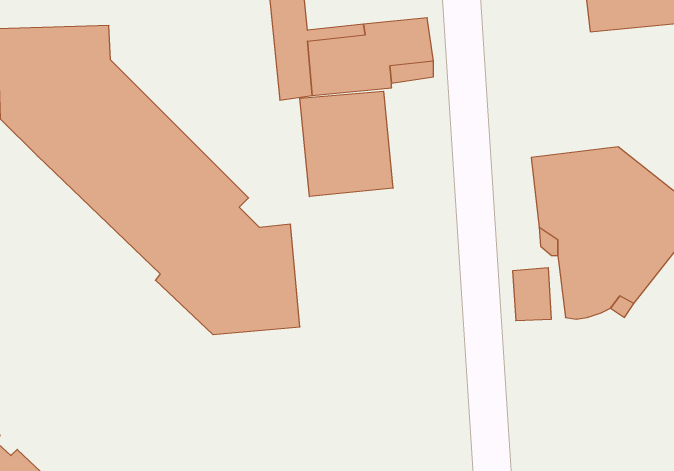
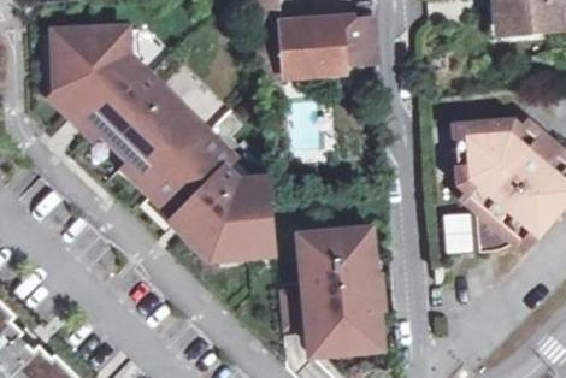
building: [300,91,393,197] -> none
building: none -> [279,225,387,355]

